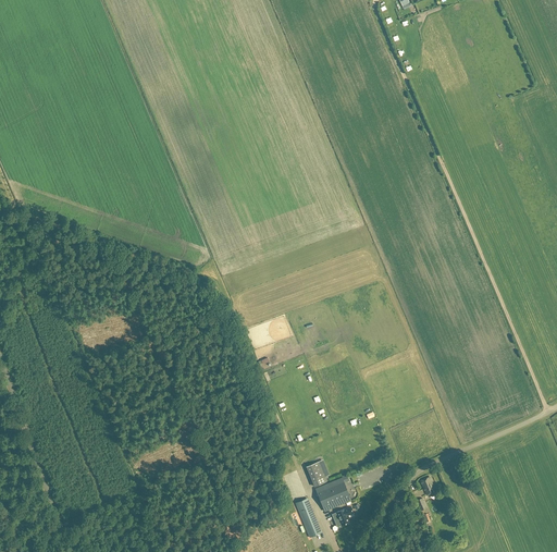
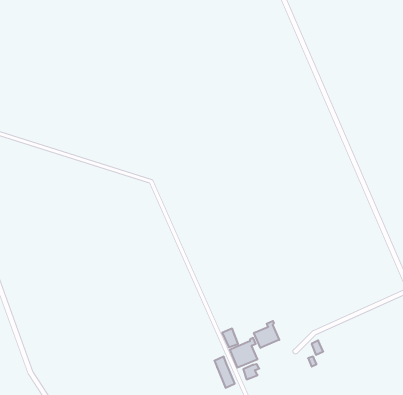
building: none -> [254,321,279,348]

